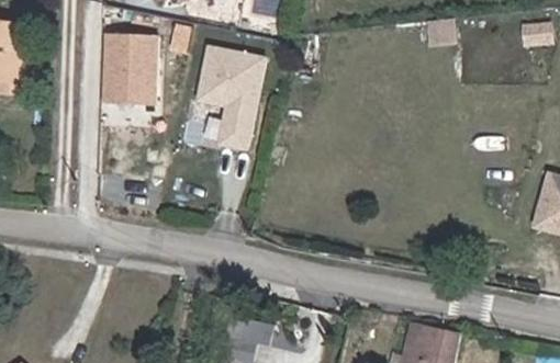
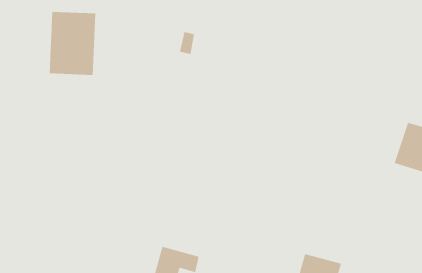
building: [193,55,261,159] -> none

